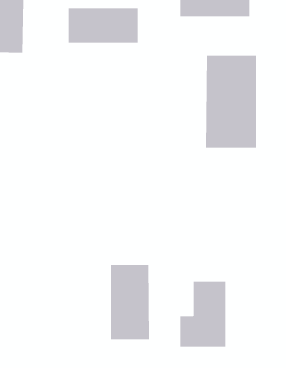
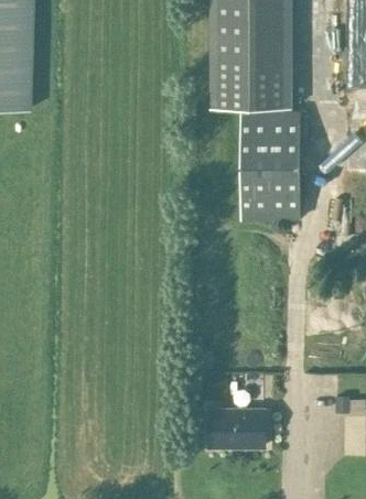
building: [68,8,139,43] -> [211,68,292,109]
building: [111,264,150,340] -> none

